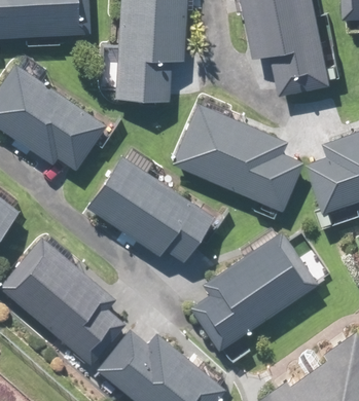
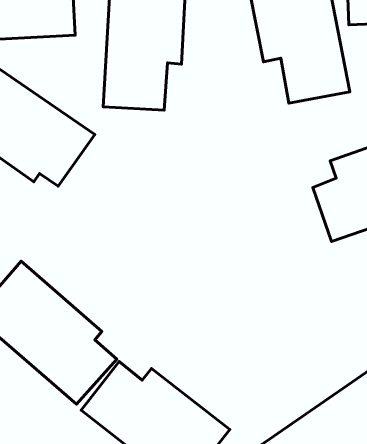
building: [171,103,303,213] -> none
building: [86,154,218,265] -> none
building: [187,231,316,353] -> none

